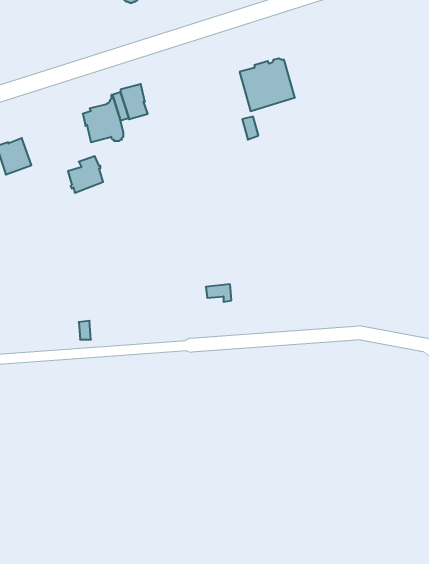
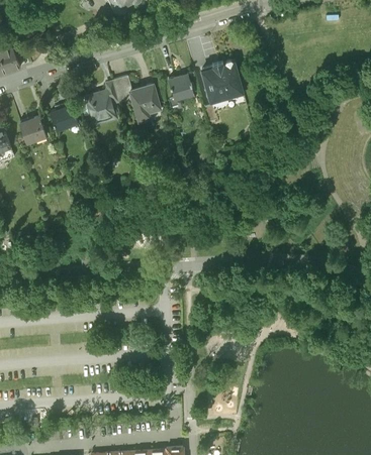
building: none -> [167,73,192,96]
building: none -> [128,83,159,119]
building: [68,156,103,193] -> [50,102,76,129]

